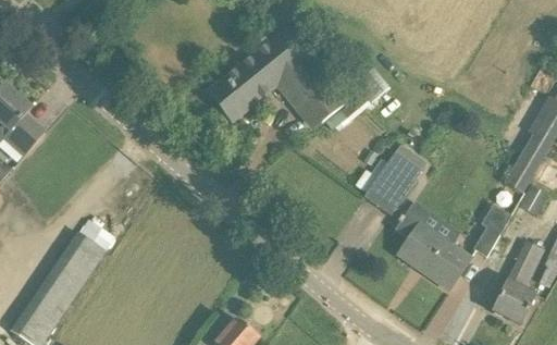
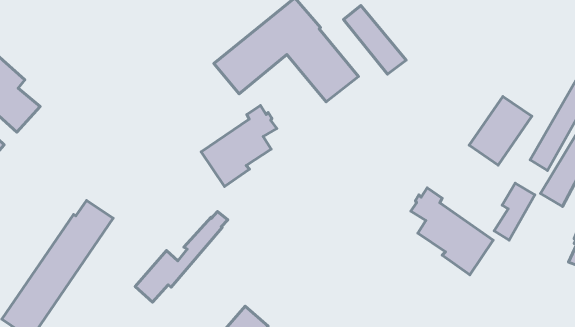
building: none -> [201,105,277,187]
building: [363,150,422,214] -> [469,97,532,165]
building: none -> [135,211,228,302]
building: [493,238,543,322] -> none

